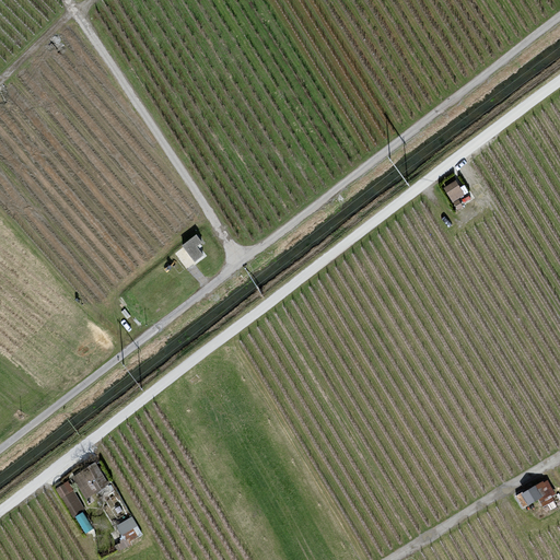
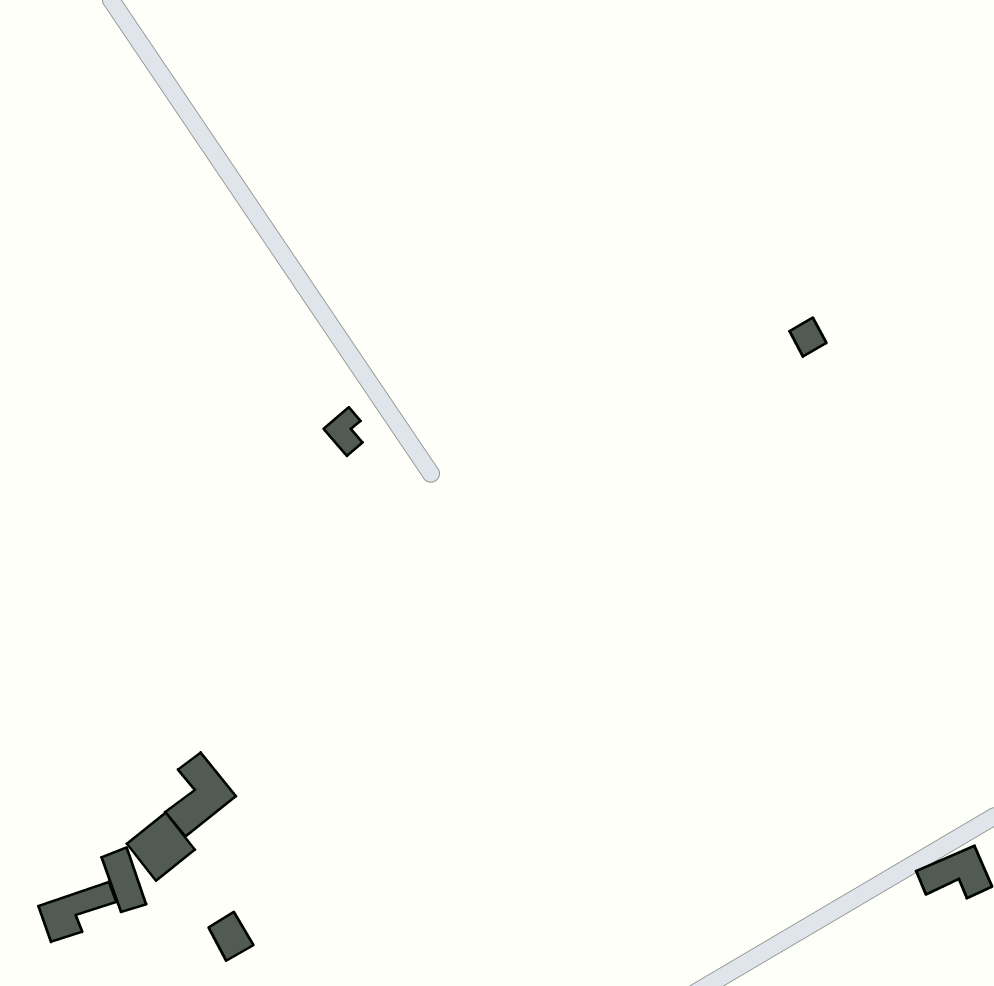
building: none -> [165,752,236,837]
building: none -> [38,882,116,942]

